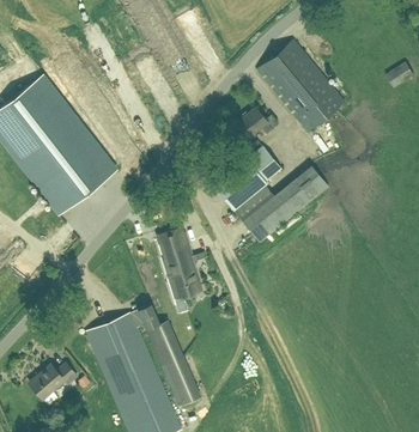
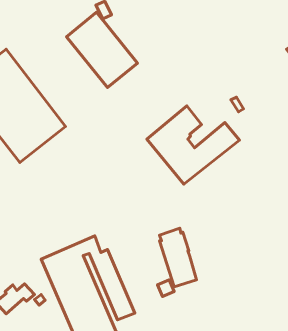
building: [257,39,345,132] -> [66,12,138,88]
building: [237,108,279,138] -> none
building: [157,227,202,299] -> [159,228,197,287]

